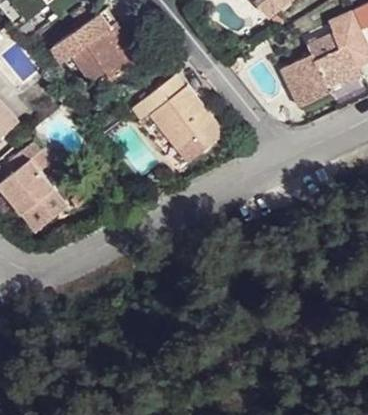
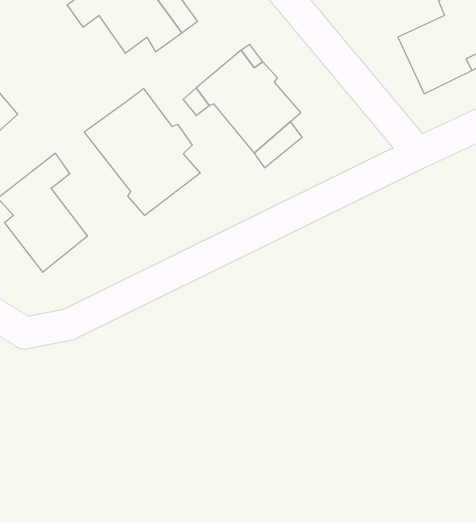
building: none -> [84,89,200,216]

